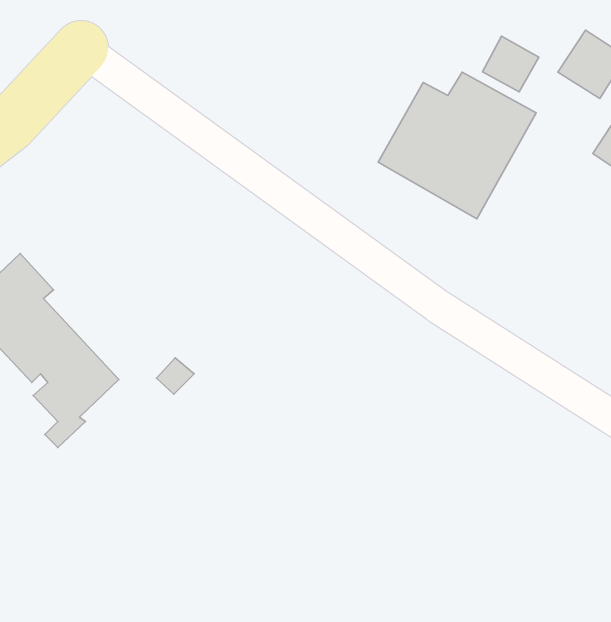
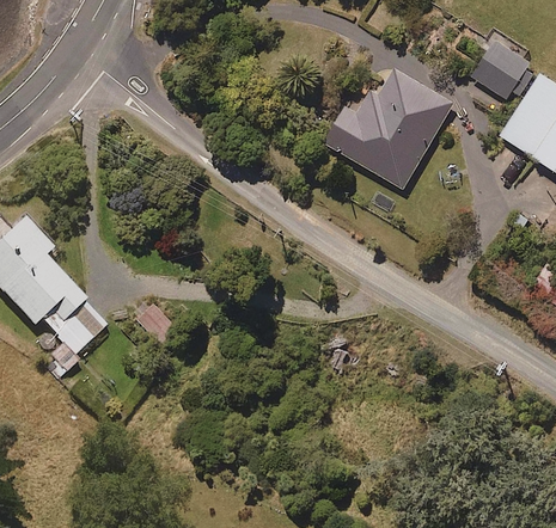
building: [483,36,539,92] -> none

